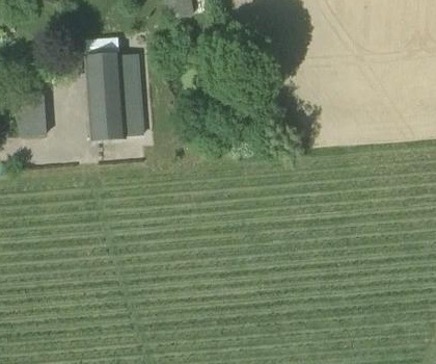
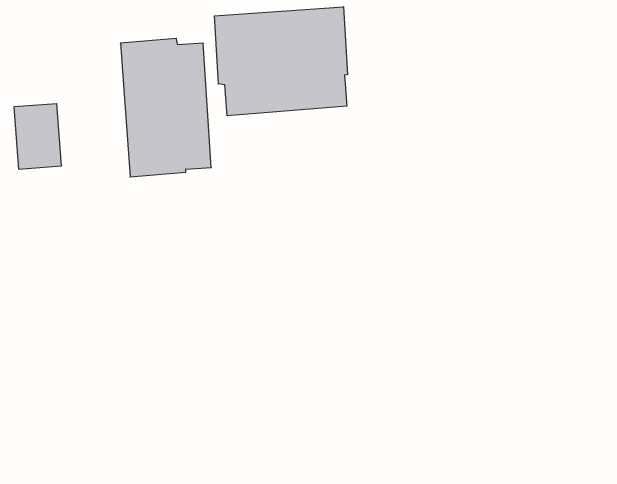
building: none -> [214,7,348,116]

